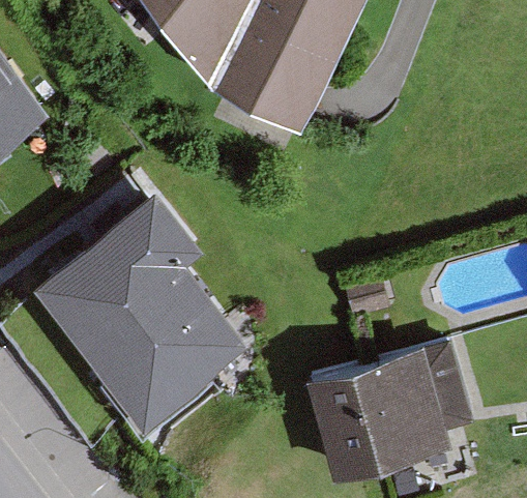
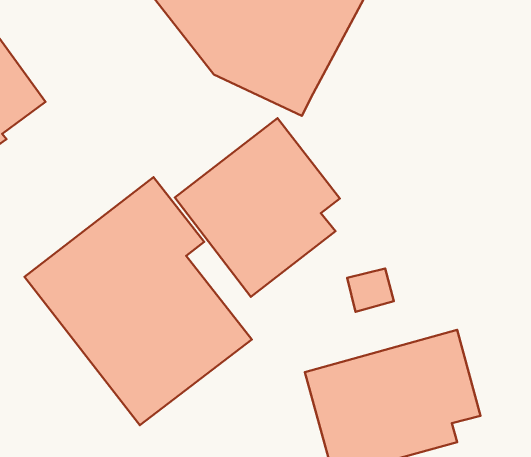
building: none -> [175,118,340,297]

